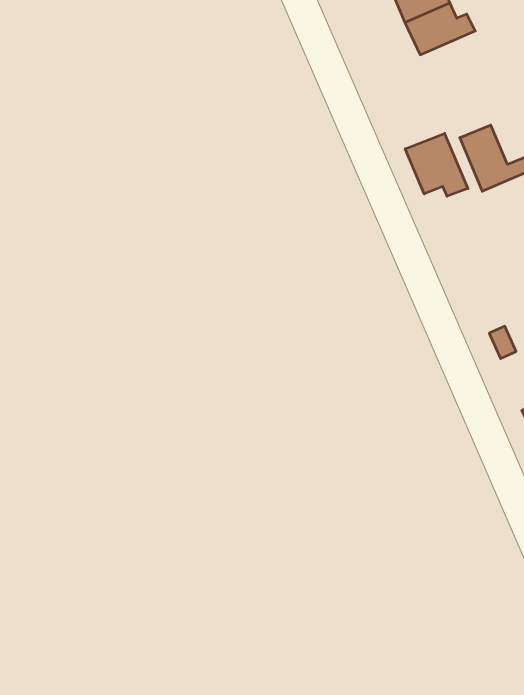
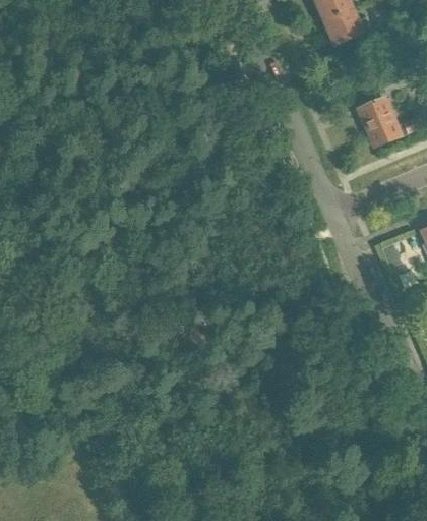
building: [405,133,468,196] -> none

